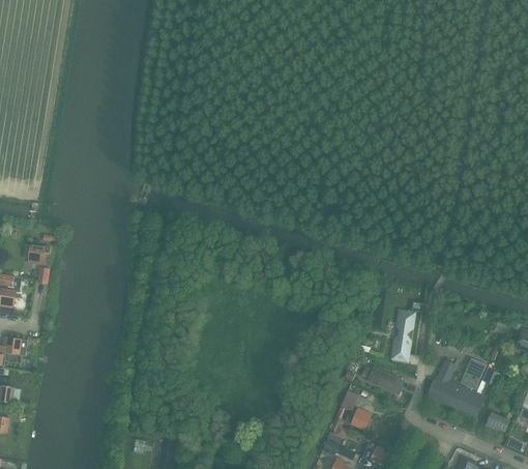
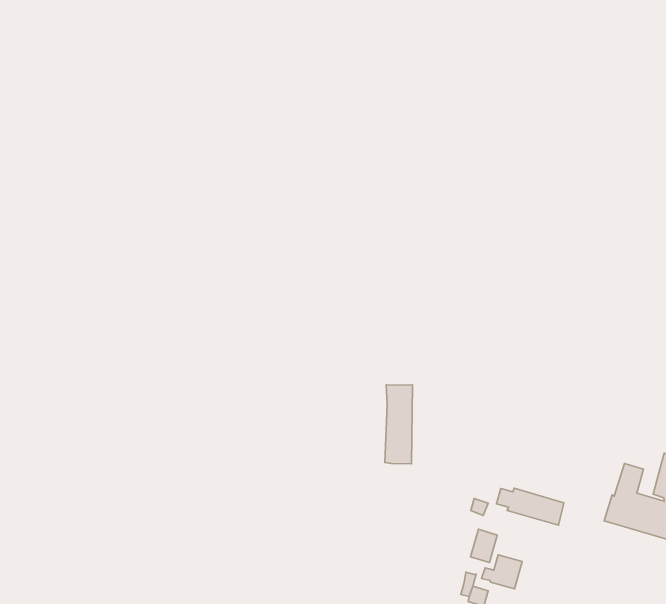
building: [390,311,414,362] -> [385,385,412,464]

